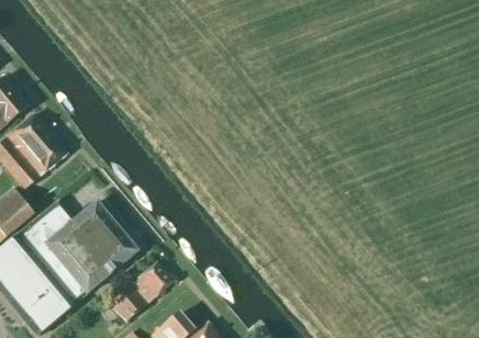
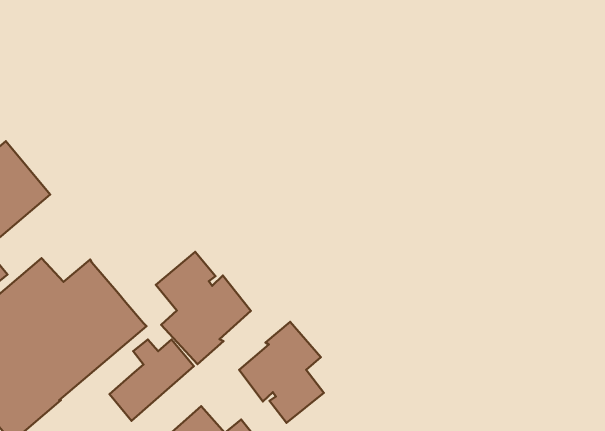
building: none -> [156,252,251,364]
building: none -> [239,322,324,423]

